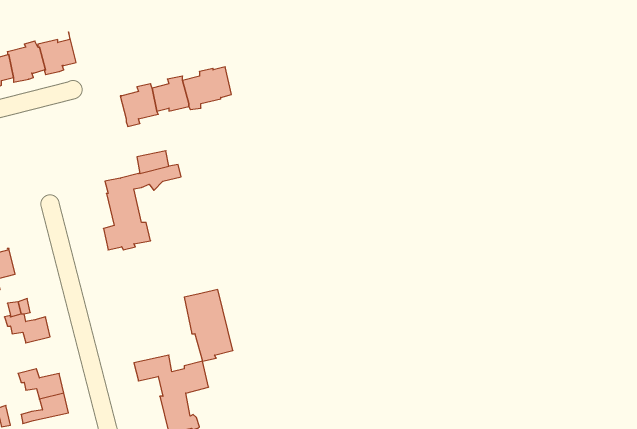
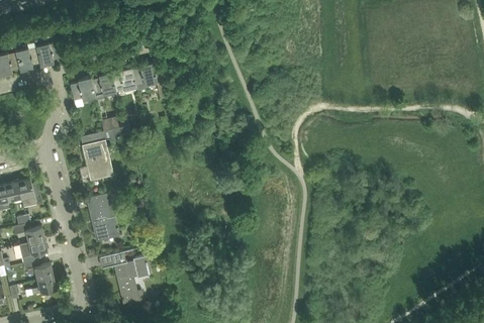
building: none -> [71,77,95,100]
building: none -> [17,179,42,208]
building: [184,290,233,361] -> [87,193,119,240]
building: none -> [21,239,47,263]

